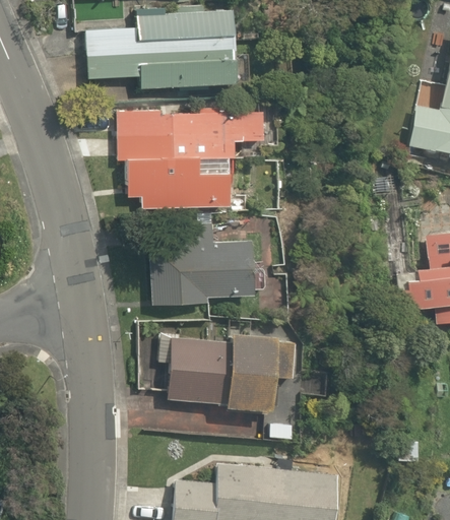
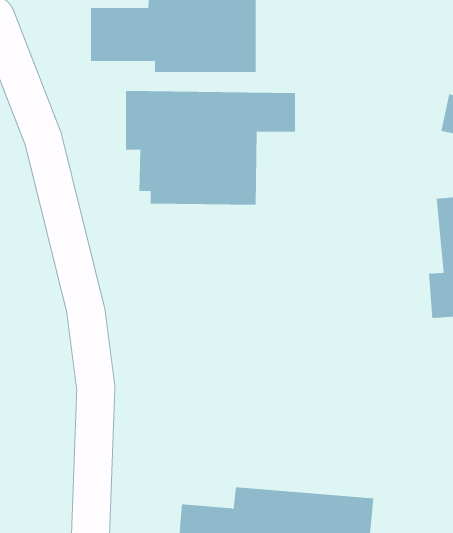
building: [150,236,264,304] -> none
building: [167,336,305,437] -> none

